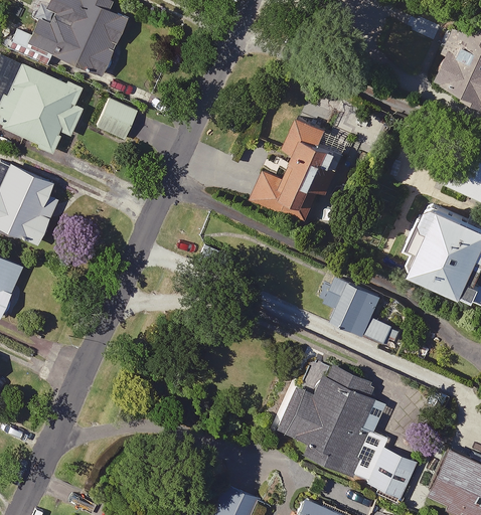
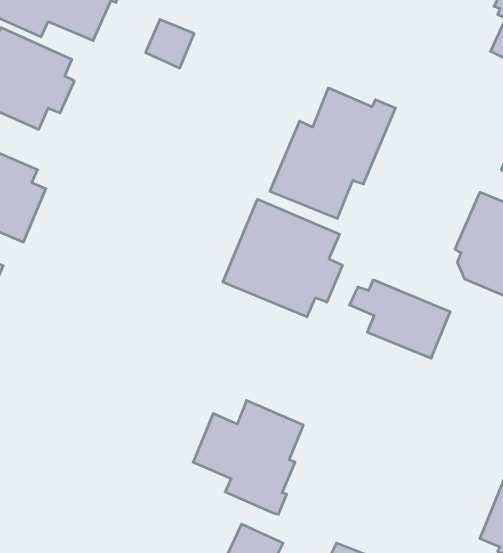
building: [96,99,137,140] -> [146,19,194,68]
building: none -> [223,199,342,317]
building: [278,378,371,475] -> [193,400,303,514]
building: [367,447,419,499] -> none

